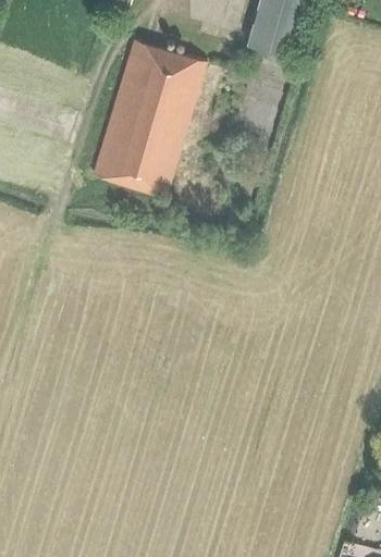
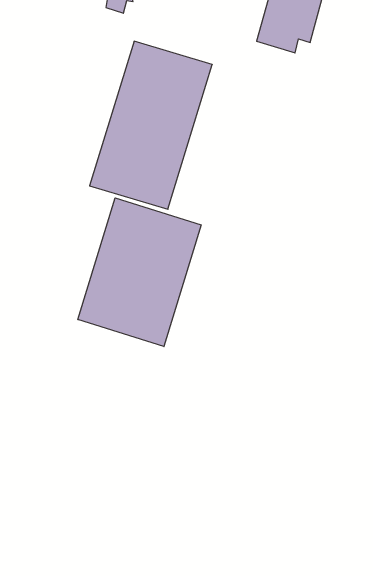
building: none -> [78,198,201,347]

